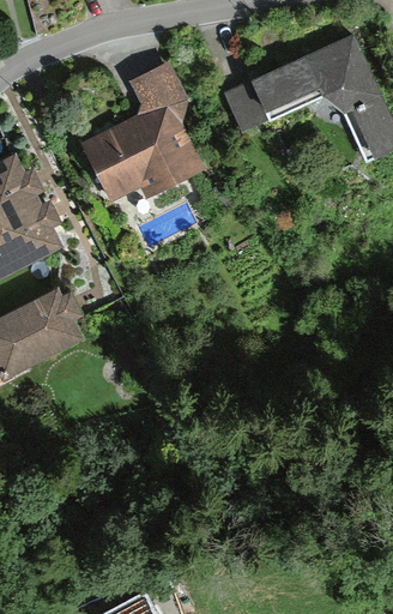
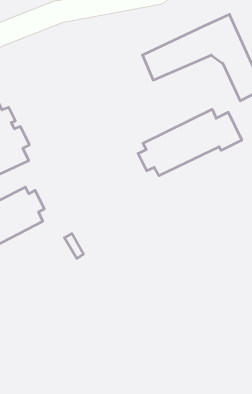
building: [83,60,205,200] -> none
building: none -> [138,109,242,176]

